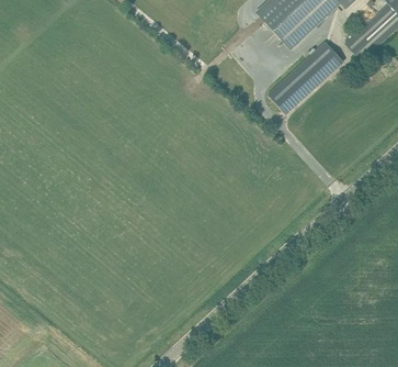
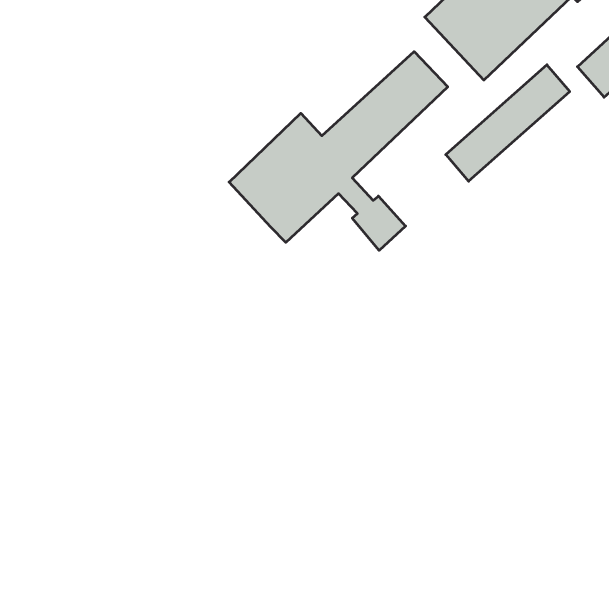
building: none -> [229,52,448,250]

